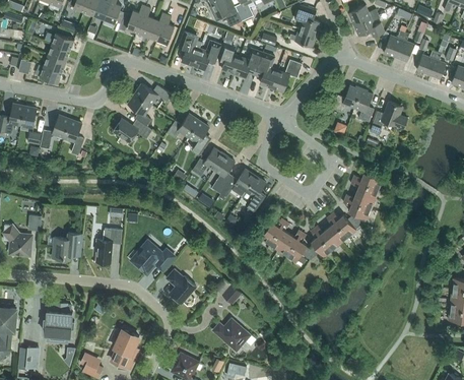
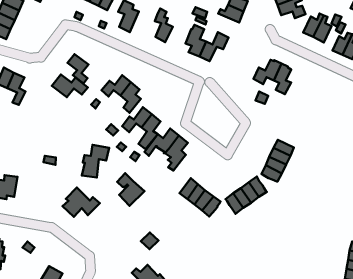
building: [194,41,222,70] -> none
building: [234,48,264,78] -> none
building: [135,83,172,105] -> none
building: [370,102,408,134] -> none
building: [95,228,123,263] -> [82,145,109,177]
building: [167,268,197,304] -> [117,173,144,206]

